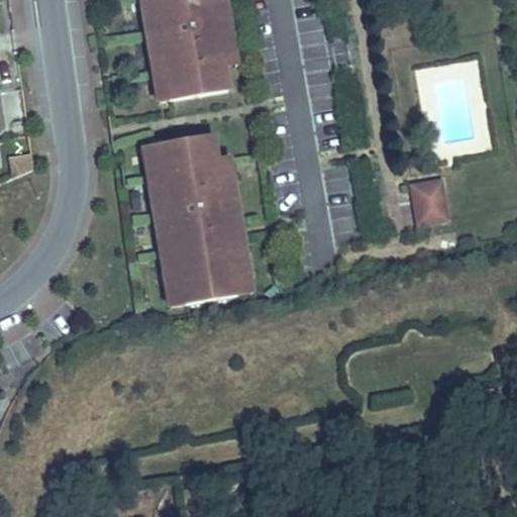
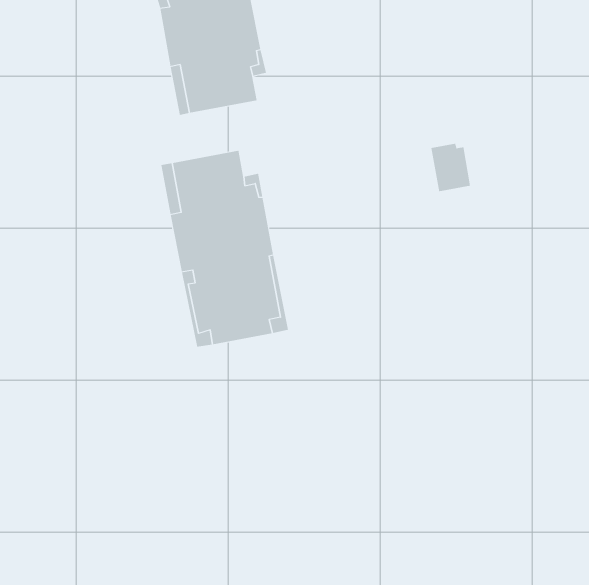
building: [412,182,447,224] -> [431,143,471,192]

